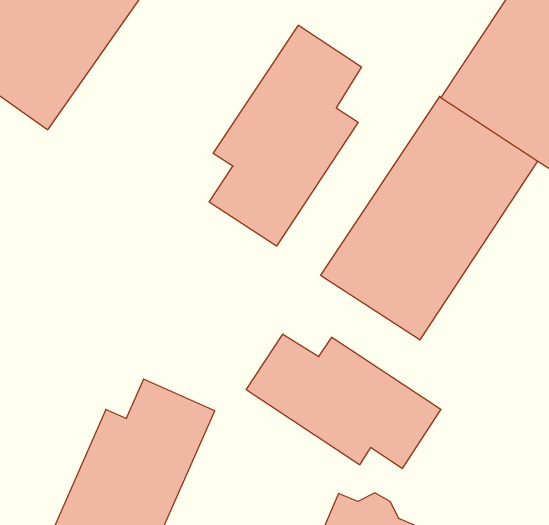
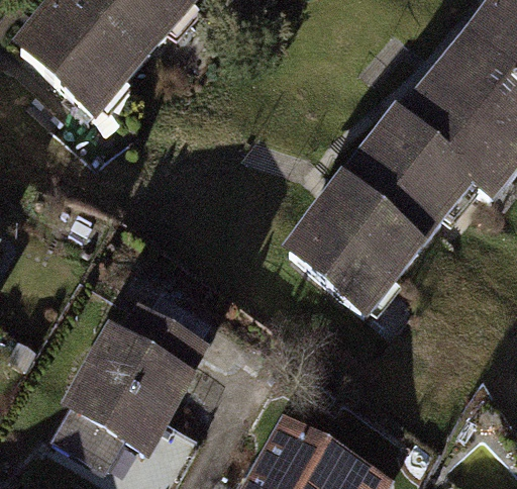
building: [209,25,362,246] -> none
building: [246,334,441,468] -> none

